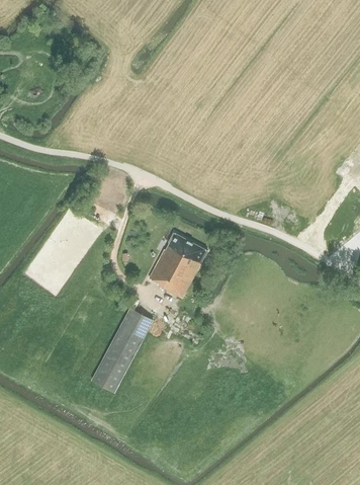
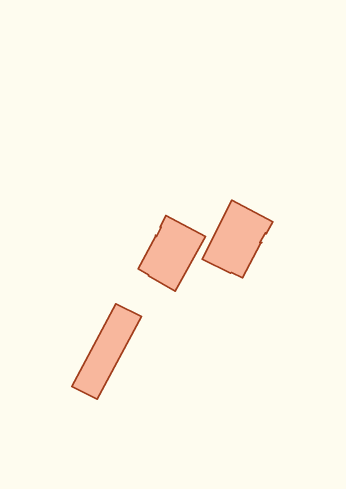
building: none -> [202,200,273,278]

